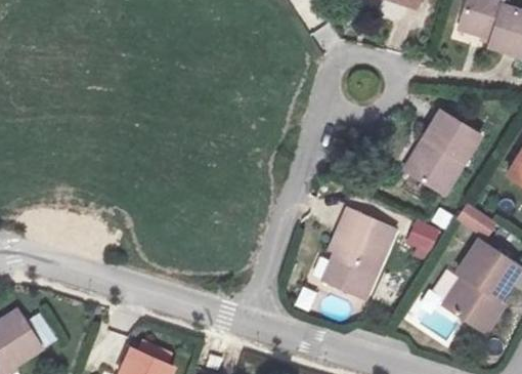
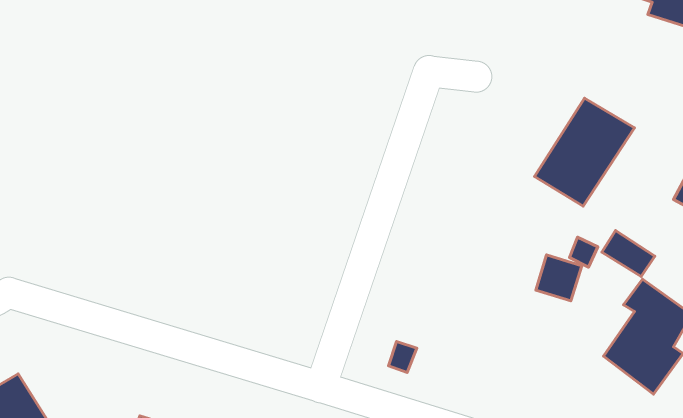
building: [329,206,401,298] -> none

